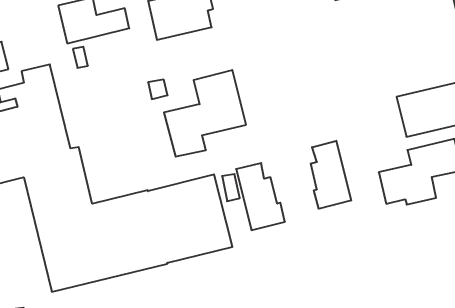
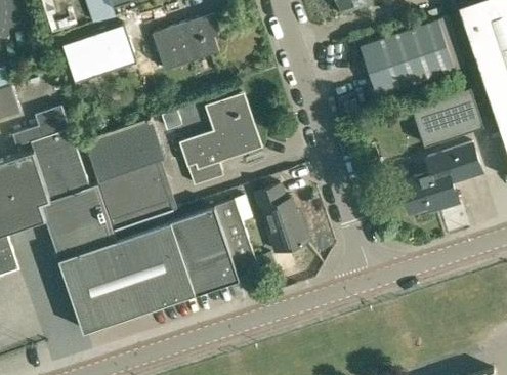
building: none -> [361,19,458,97]
building: none -> [84,118,177,232]
building: [311,141,351,209] -> none

